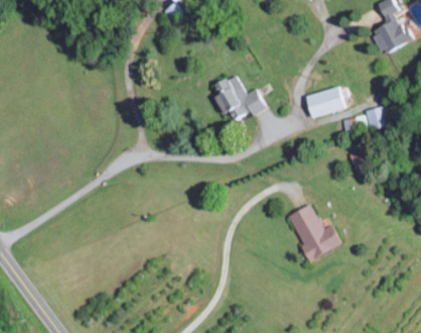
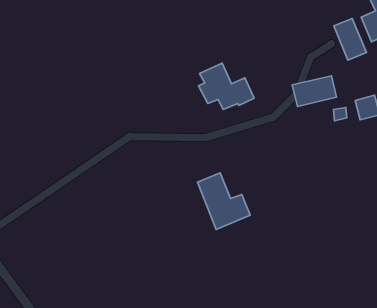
building: none -> [334,18,366,60]
building: [290,205,341,260] -> [198,173,250,229]

